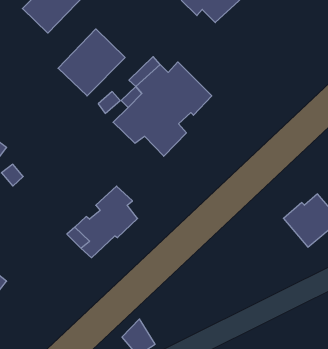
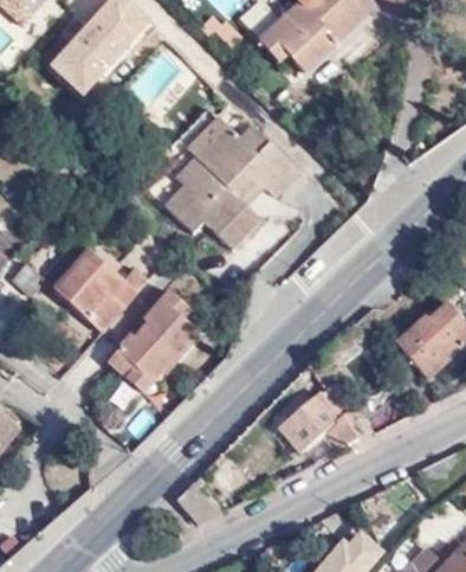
building: [58,29,125,96] -> none
building: none -> [52,253,136,334]
building: none -> [278,385,377,452]

